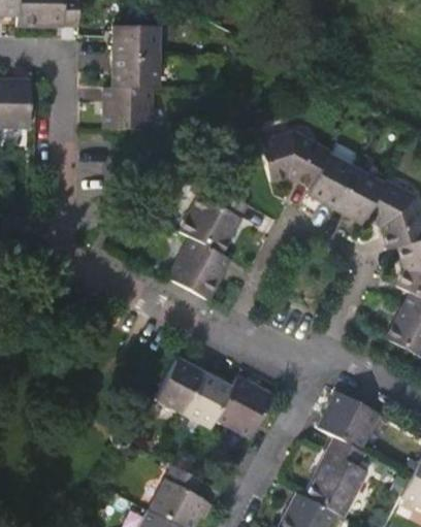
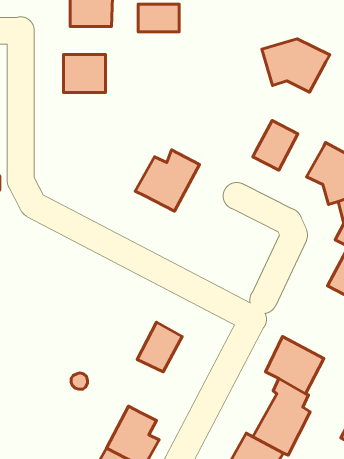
building: [110,56,155,86] -> [138,4,179,32]
building: [259,132,332,190] -> [262,39,330,92]
building: [335,171,384,224] -> none
building: [169,238,230,299] -> none
building: [154,360,203,415] -> none
building: [216,377,273,437] -> none

